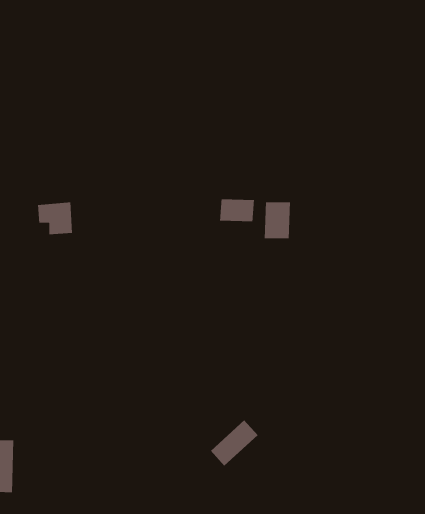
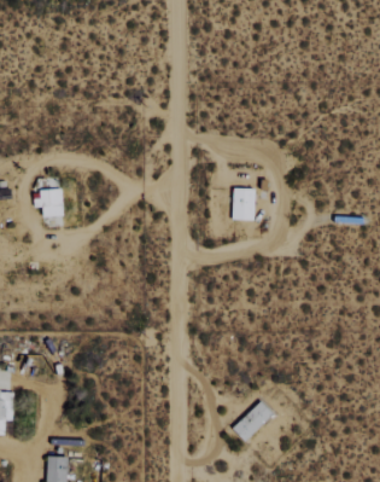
building: [220,198,254,222] -> none
building: [210,419,259,466] -> [227,401,268,441]

